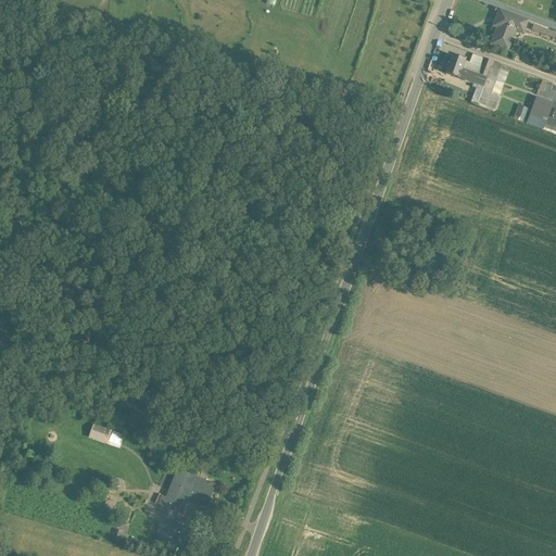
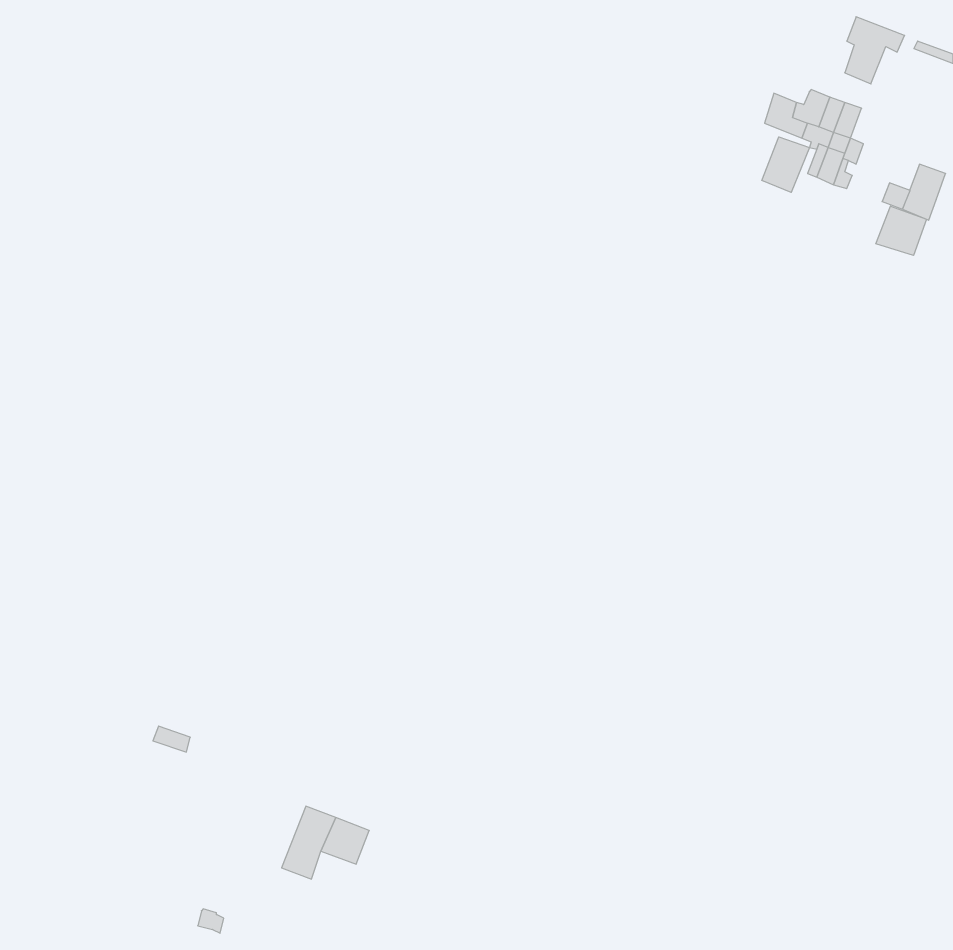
building: none -> [762,137,809,192]
building: none -> [876,206,927,255]

